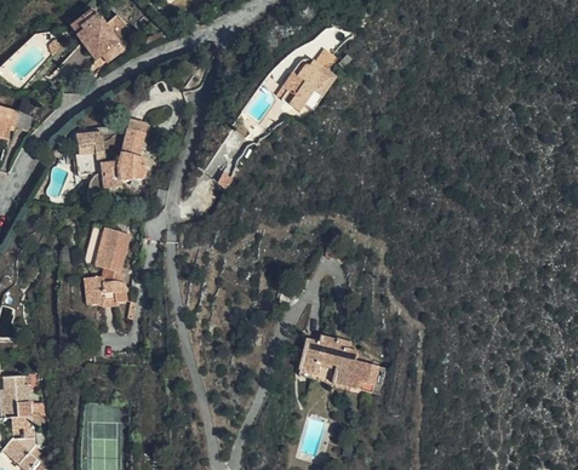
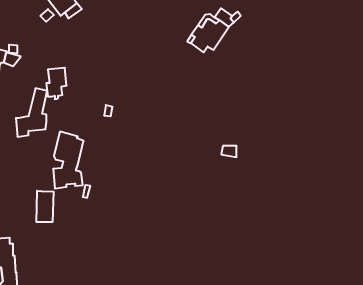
building: [102,120,147,189] -> [16,88,47,137]
building: none -> [36,191,54,222]
building: [301,334,378,392] -> none

